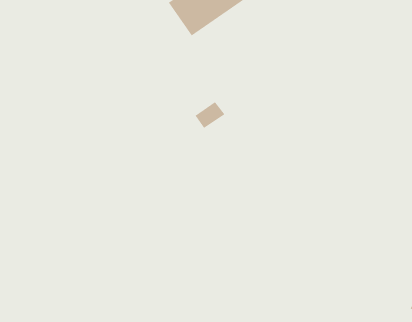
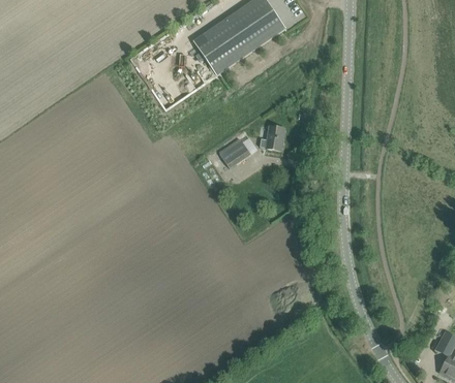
building: none -> [259,125,283,150]

